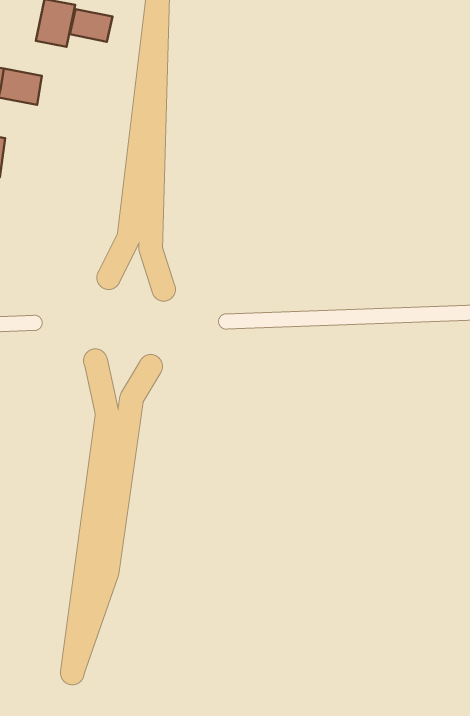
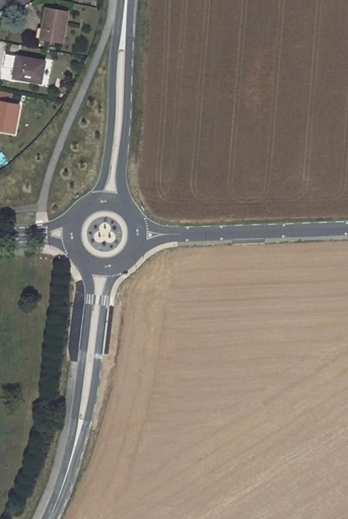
building: [70,9,112,42] -> none

